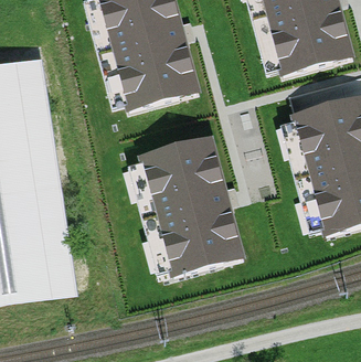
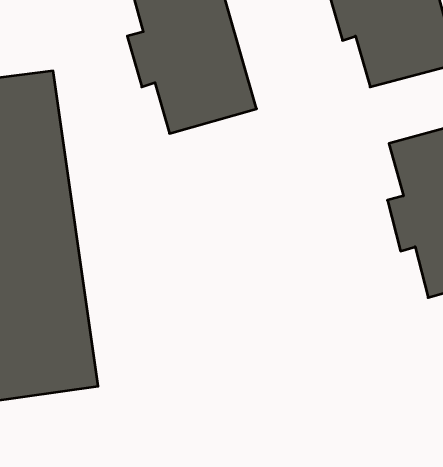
building: [144,137,242,272] -> none

